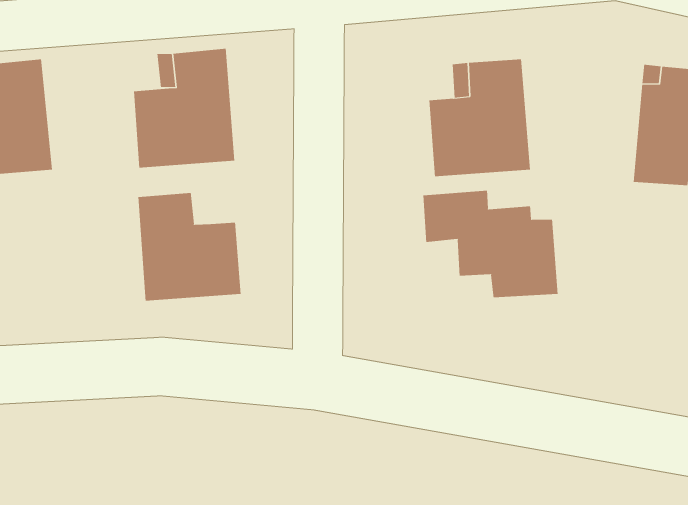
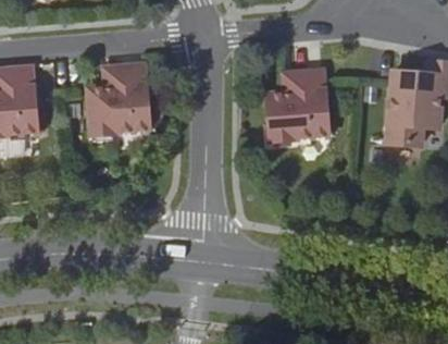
building: [423,190,558,298] -> none
building: [138,192,241,301] -> none

